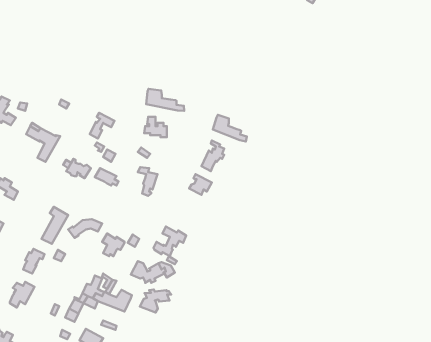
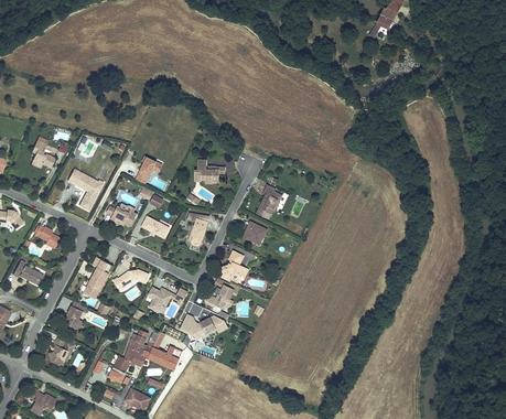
building: [146,89,184,111] -> none
building: [213,115,247,142] -> none
building: none -> [220,251,249,282]
building: [140,290,171,312] -> none

